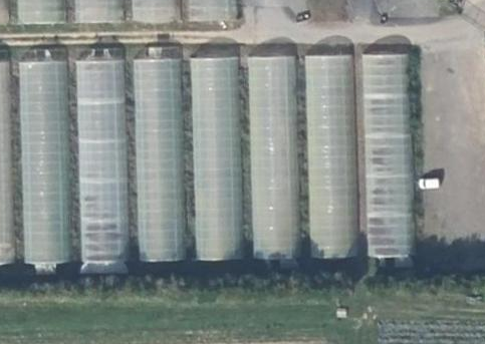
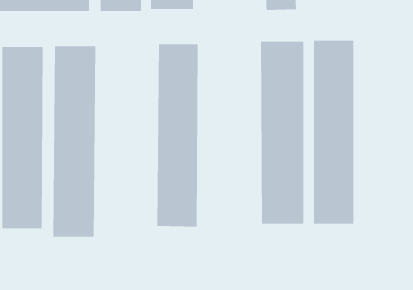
building: [247,56,296,255] -> none
building: [133,58,181,261] -> none

